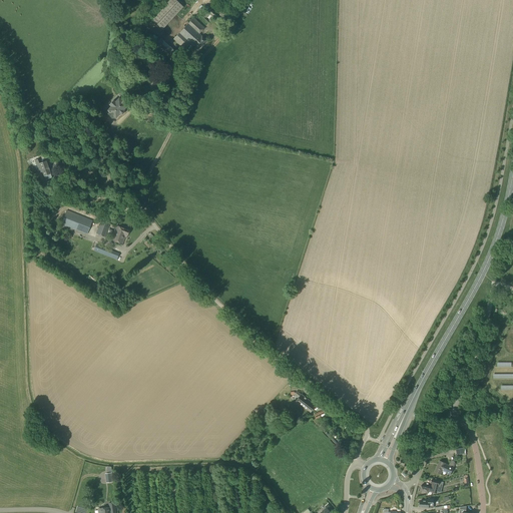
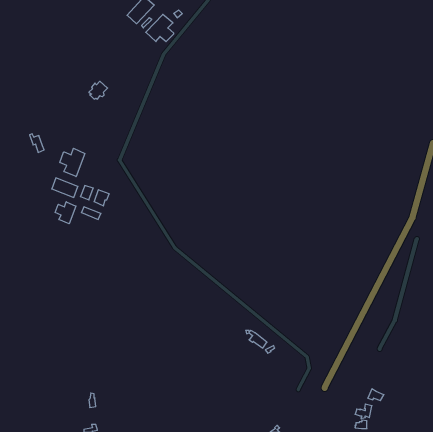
building: none -> [60,148,85,177]
building: none -> [55,202,76,224]

